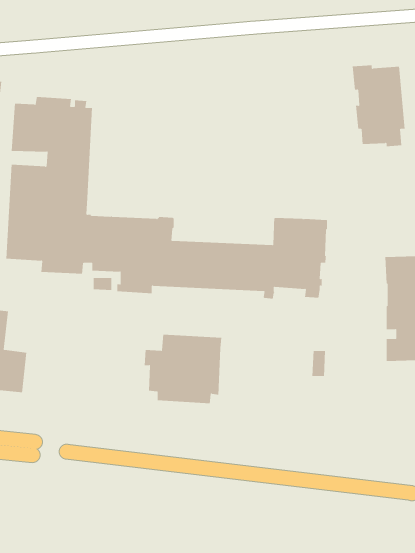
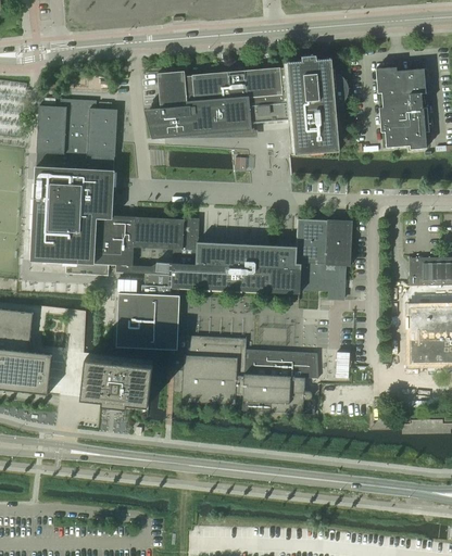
building: none -> [143,54,349,154]
building: none -> [116,292,179,349]
building: none -> [242,349,317,414]
building: none -> [80,357,153,406]

